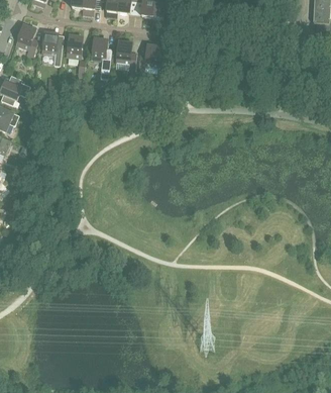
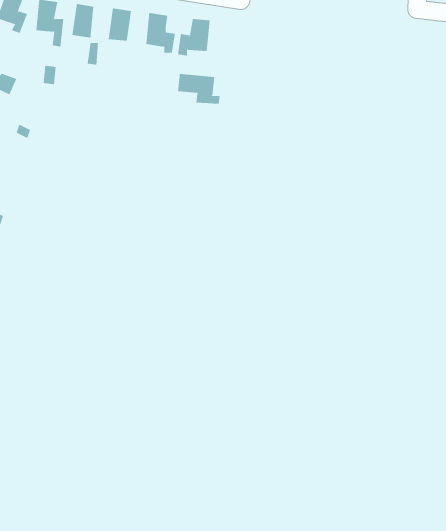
building: none -> [177,73,220,105]

